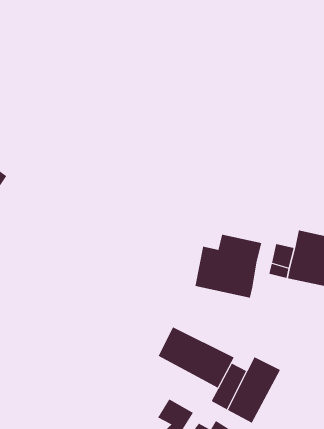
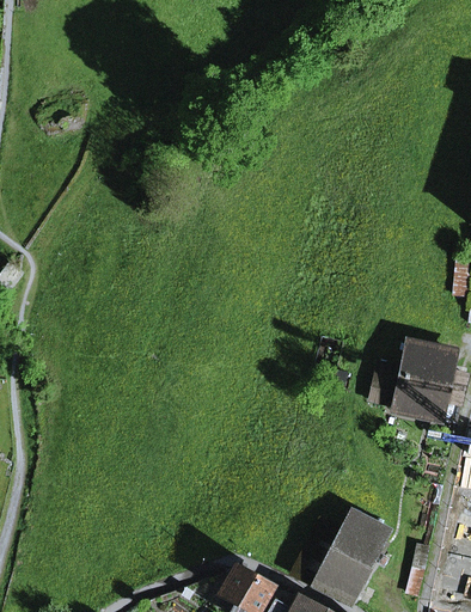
building: [195,234,262,298] -> none
building: [158,326,235,388] -> none

